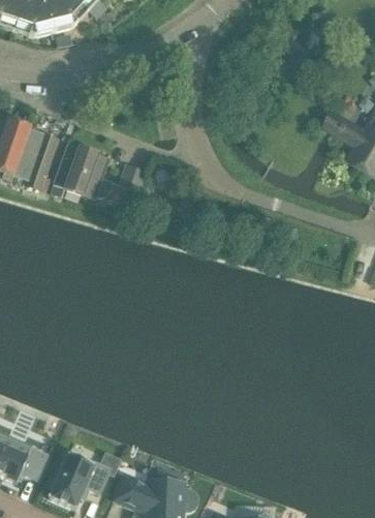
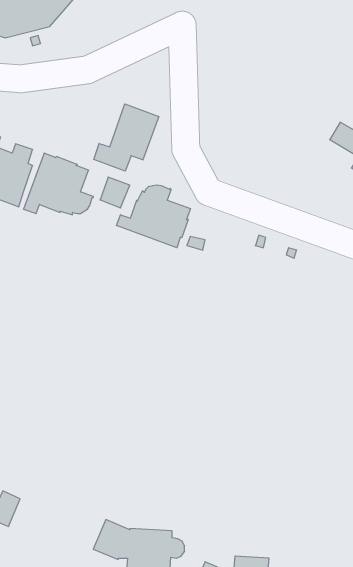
building: none -> [94,104,159,171]
building: none -> [117,185,190,248]
building: [50,451,111,507] -> none

